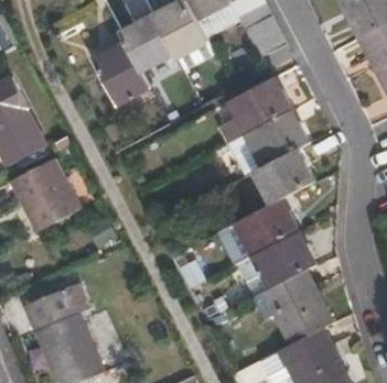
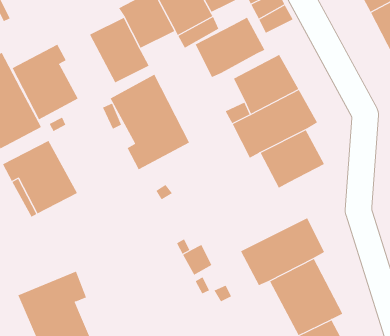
building: none -> [195,17,265,78]
building: none -> [12,44,78,120]
building: none -> [110,74,190,170]
building: [216,198,299,264] -> none

